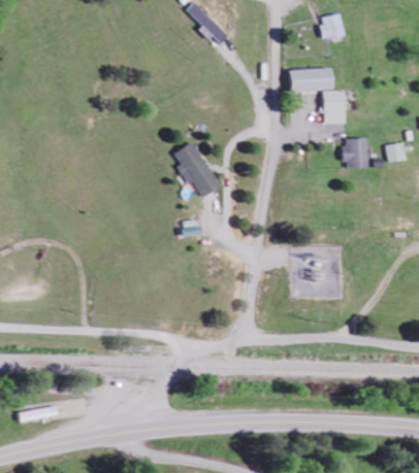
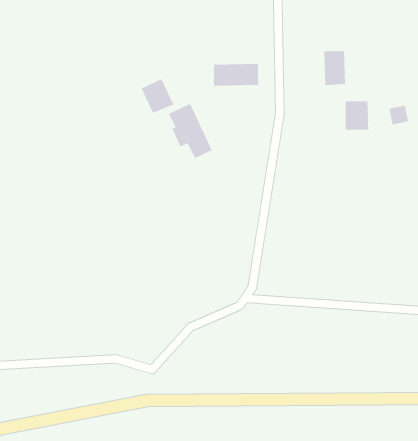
building: [288,68,332,91] -> [213,63,259,86]
building: none -> [140,78,175,114]

